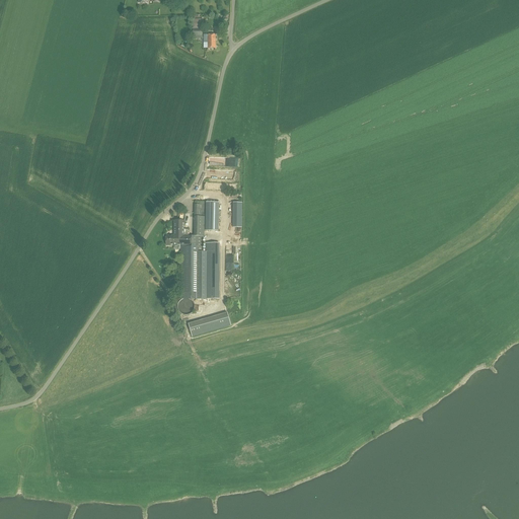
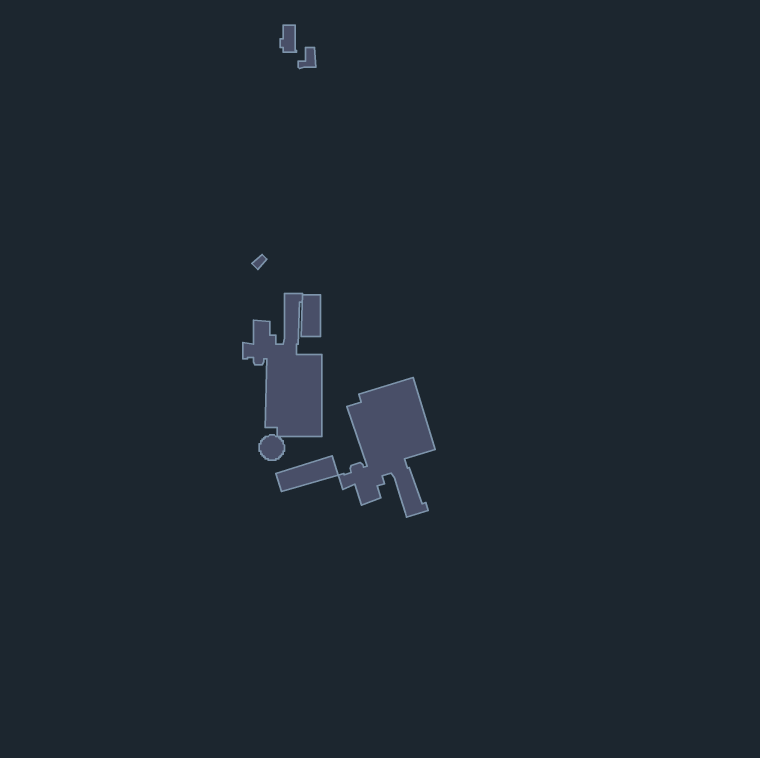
building: none -> [338,378,435,517]

